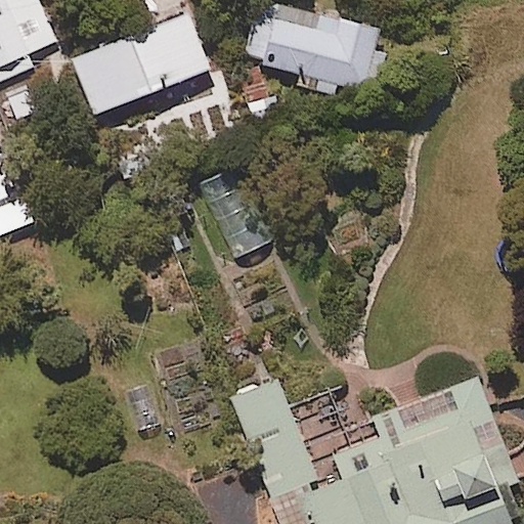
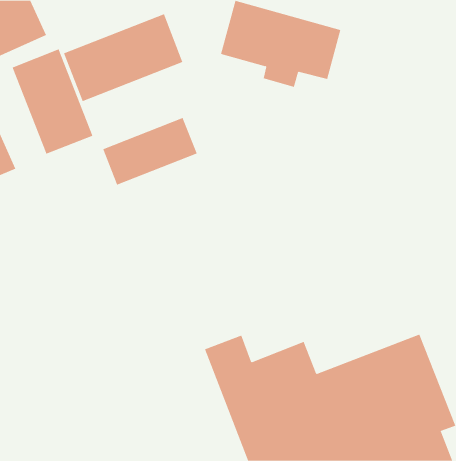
building: none -> [12,49,93,155]
building: none -> [102,117,197,185]

